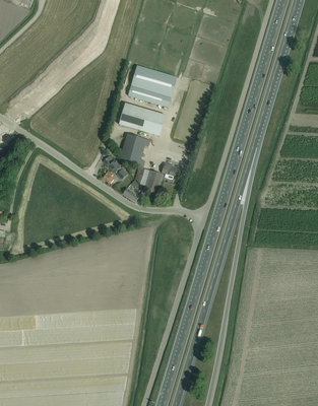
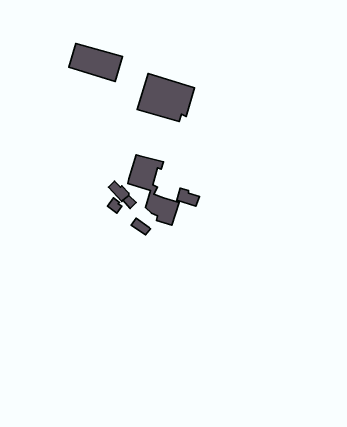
building: [119,103,165,135] -> [69,43,122,82]

